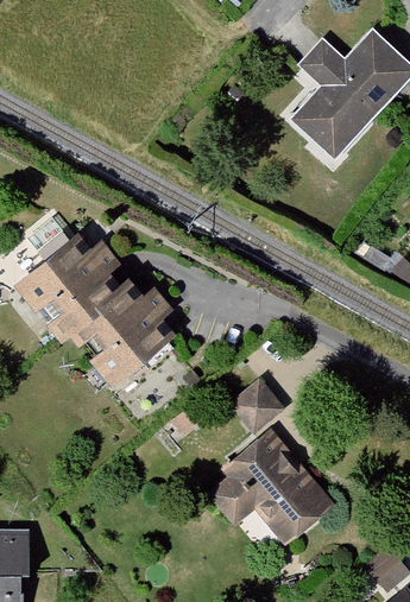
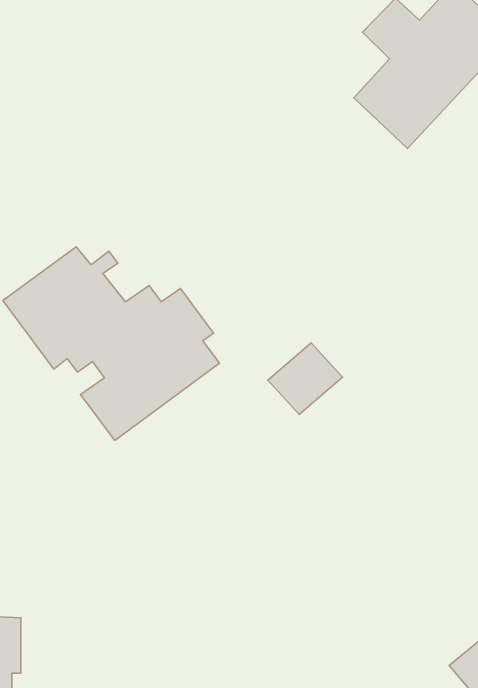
building: [228,375,288,432] -> [268,343,342,415]
building: [208,432,332,546] -> none

